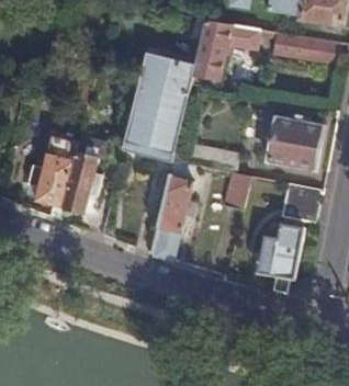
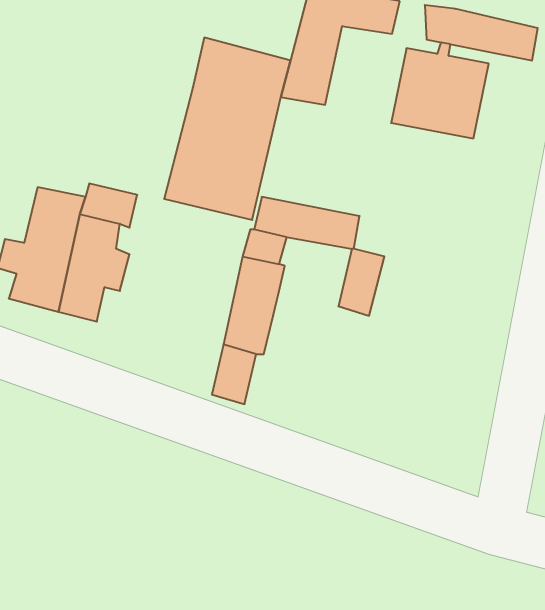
building: [266,114,322,169] -> [391,42,489,138]
building: [281,183,320,222] -> none
building: [257,223,302,294] -> none

